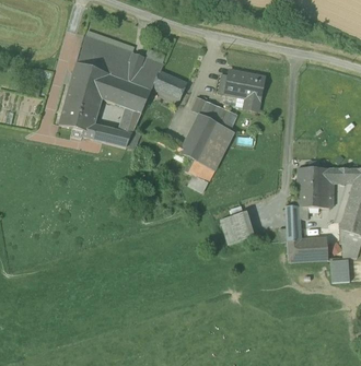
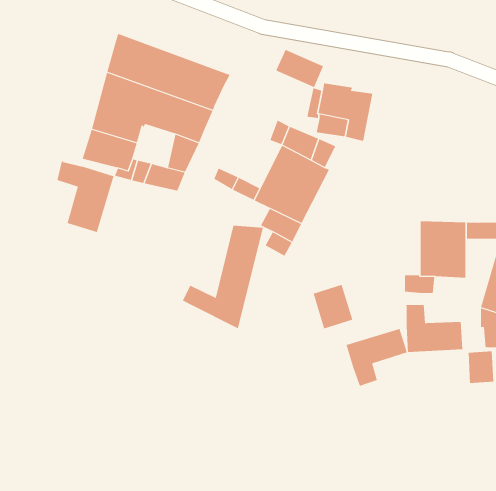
building: [153,71,187,98] -> [276,49,324,88]
building: none -> [57,160,114,233]
building: none -> [182,225,263,329]
building: none -> [346,328,407,387]

